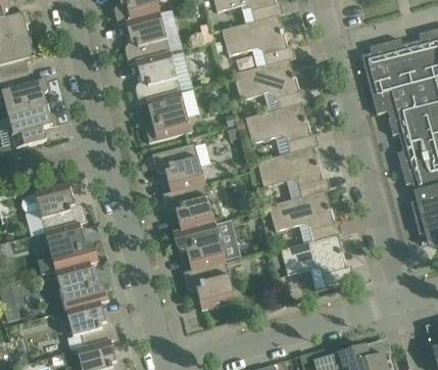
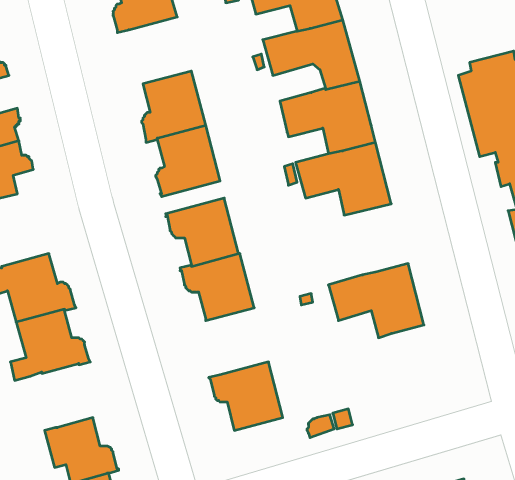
building: [125,13,171,63] -> none
building: [257,147,326,196] -> none
building: [173,219,241,270] -> none
building: [281,234,349,290] -> none
building: [55,262,108,310] -> none

